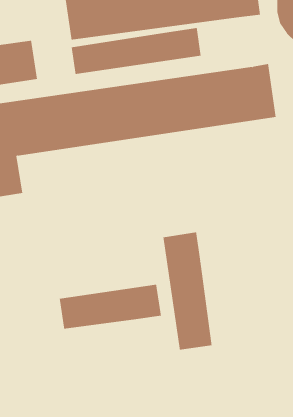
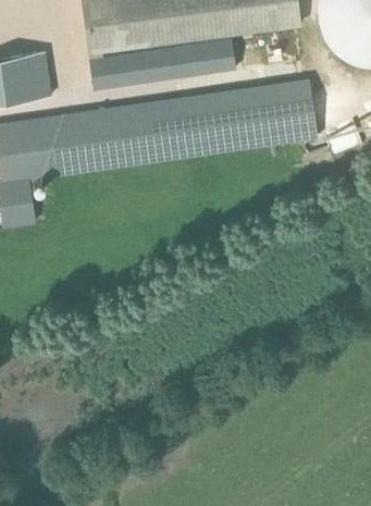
building: [163,232,212,351] -> none
building: [59,284,162,329] -> none

